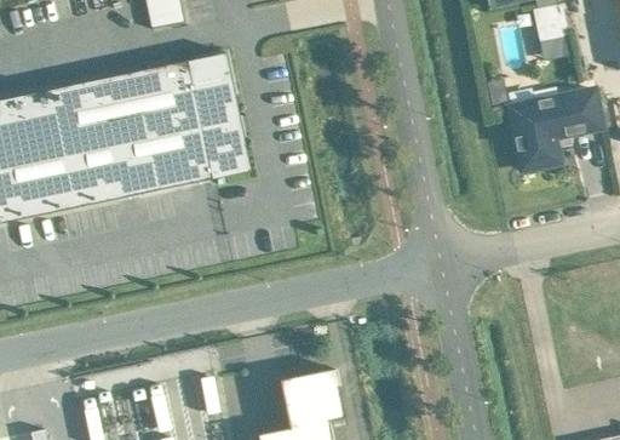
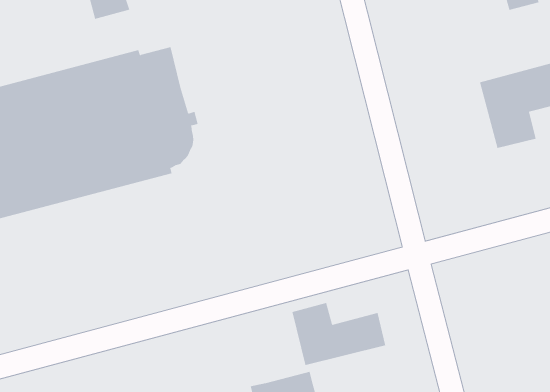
building: none -> [292,302,386,366]

